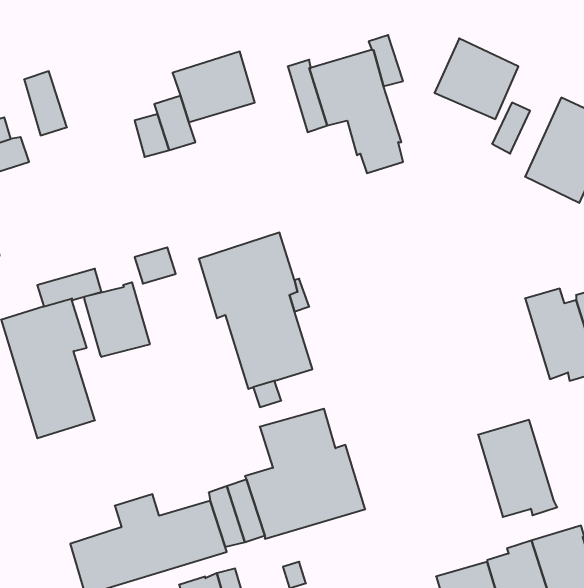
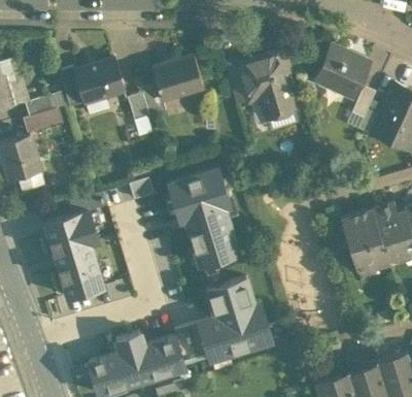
building: none -> [75,59,124,113]
building: [85,282,150,357] -> none
building: [478,420,557,517] -> [340,210,389,271]

